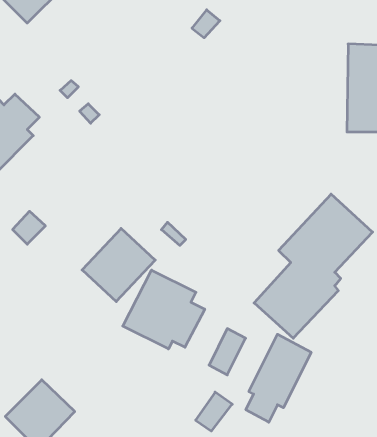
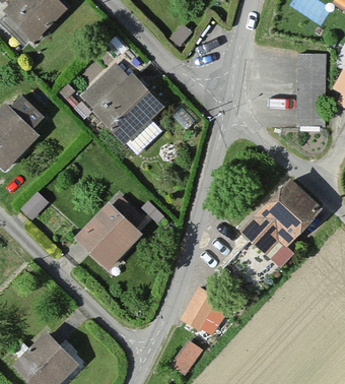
building: none -> [83,64,164,140]
building: [123,270,205,349] -> none
building: [246,334,311,422] -> none

